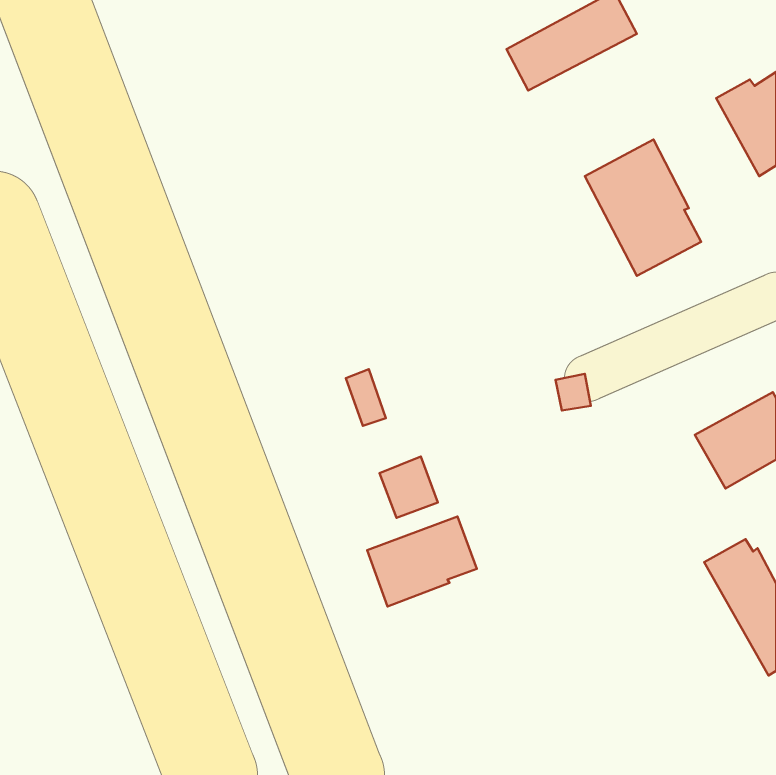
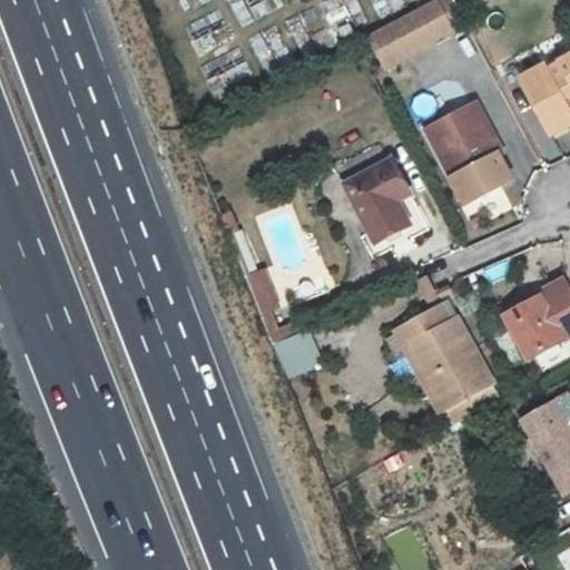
building: none -> [346,157,406,234]
building: none -> [400,311,497,423]
building: [367,516,477,606] -> none

